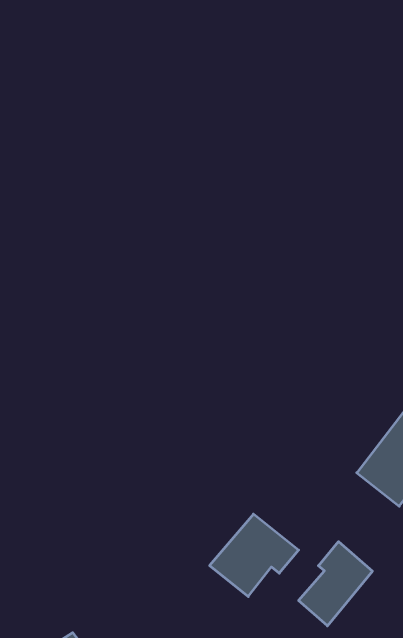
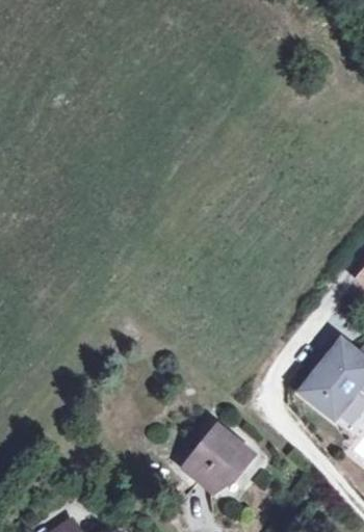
building: [299,542,372,626] -> none

